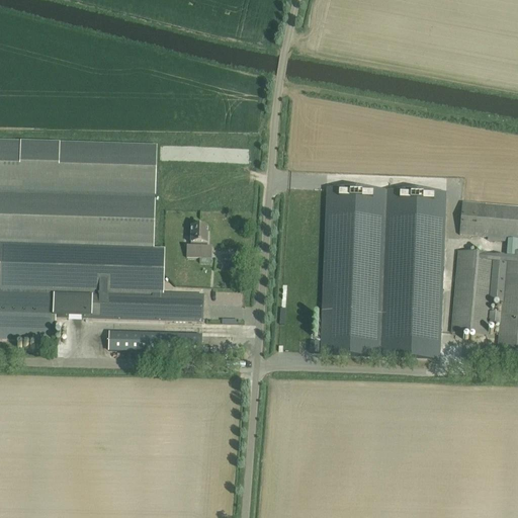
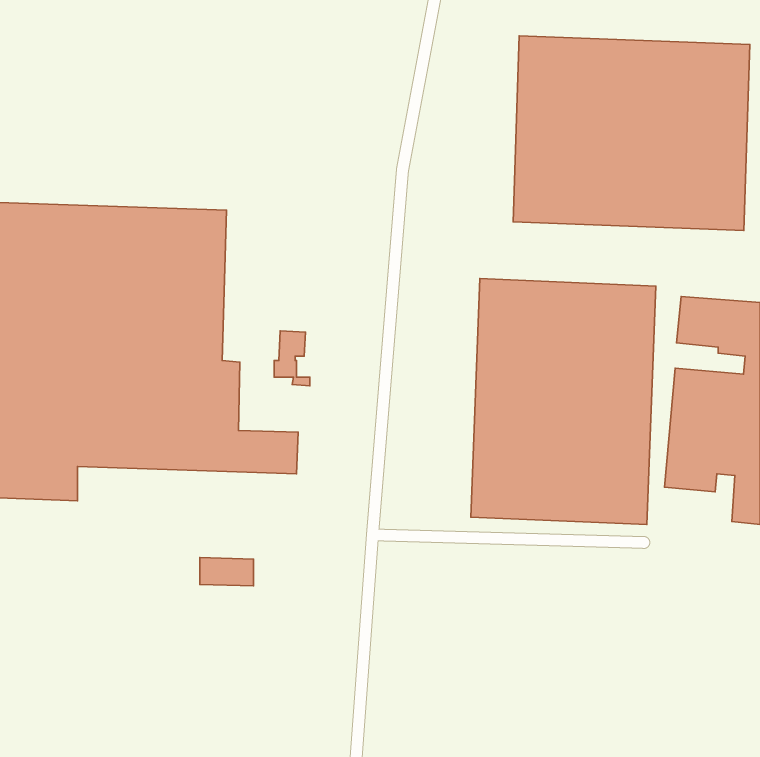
building: none -> [513,36,750,230]
building: [107,330,144,349] -> [200,558,253,586]

